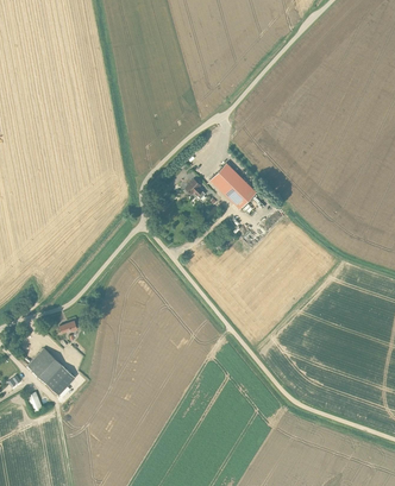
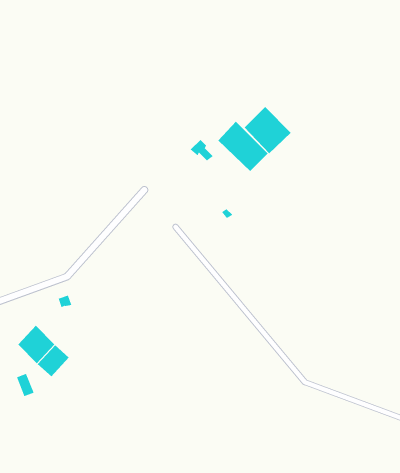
building: none -> [244,106,292,154]

